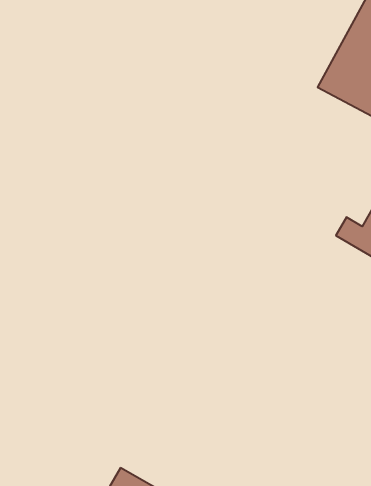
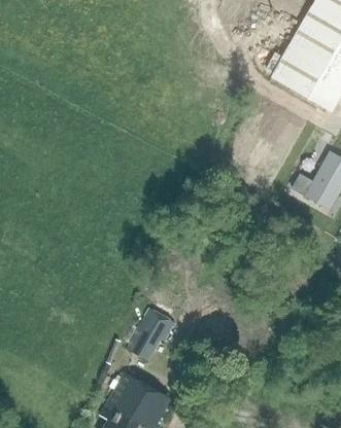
building: none -> [125,306,170,359]

